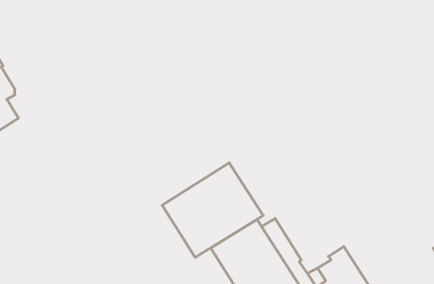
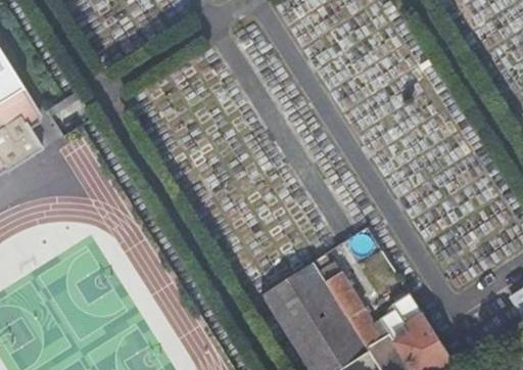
building: [162,163,263,257] -> none

